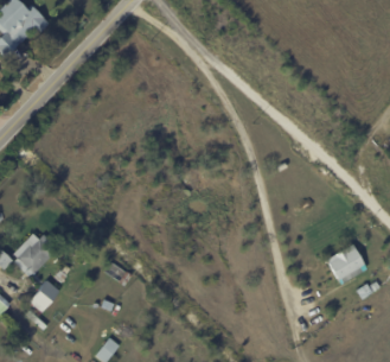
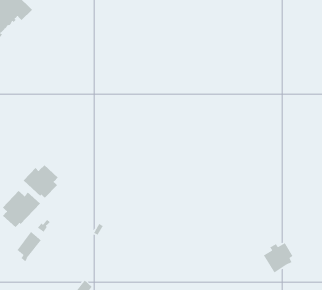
building: none -> [23,164,58,199]
building: [330,248,365,285] -> [263,242,293,274]

